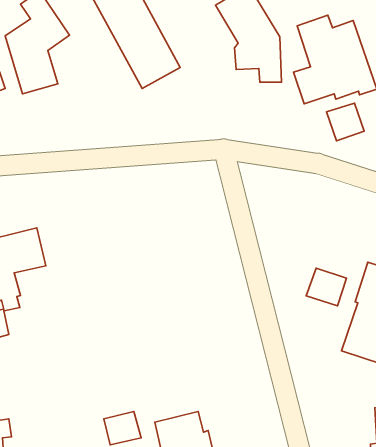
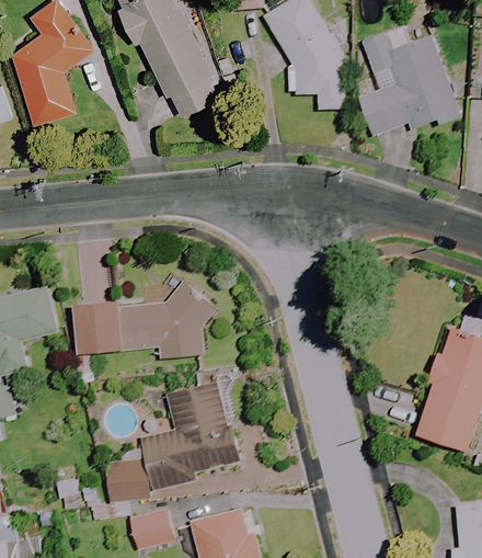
building: [327,103,364,141] -> none
building: none -> [77,283,213,356]
building: [306,268,346,306] -> none
building: none -> [104,382,240,505]

